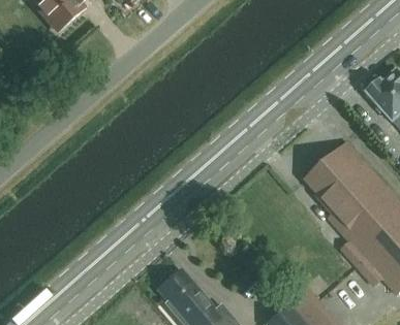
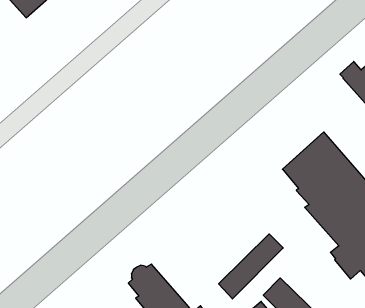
building: none -> [219,234,283,299]

